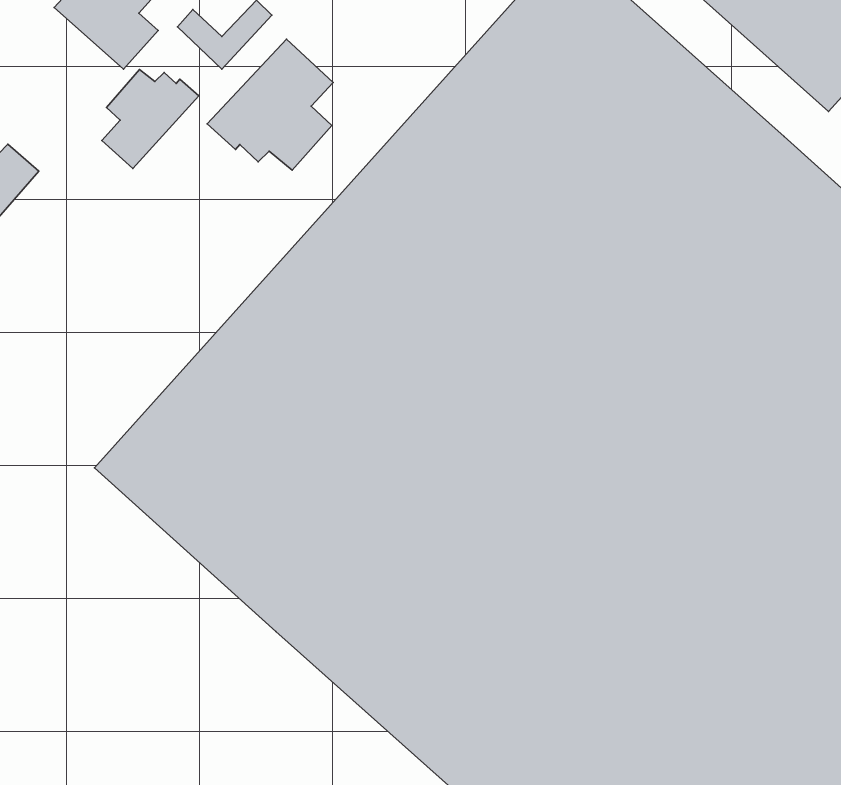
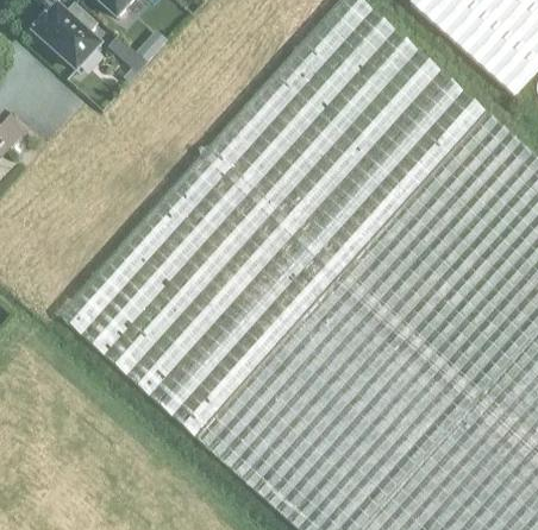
building: [207,39,333,170] -> none
building: [102,69,199,168] -> none

